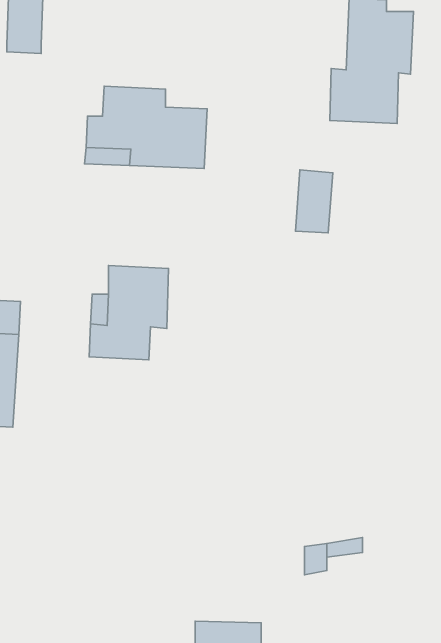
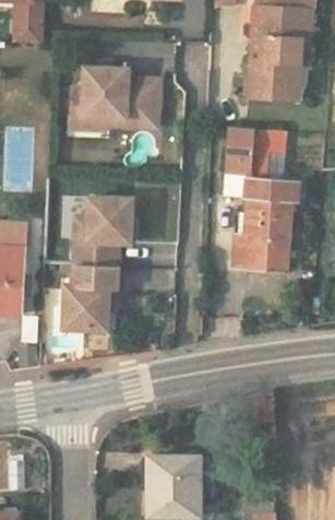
building: none -> [249,129,285,174]
building: none -> [234,178,300,270]
building: none -> [63,263,118,330]

